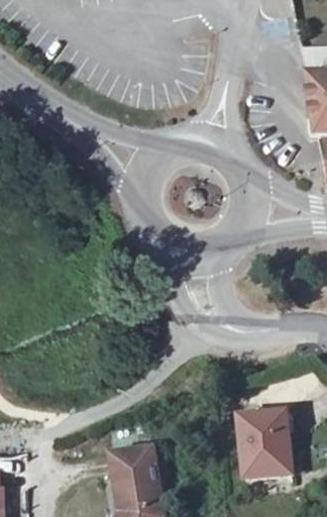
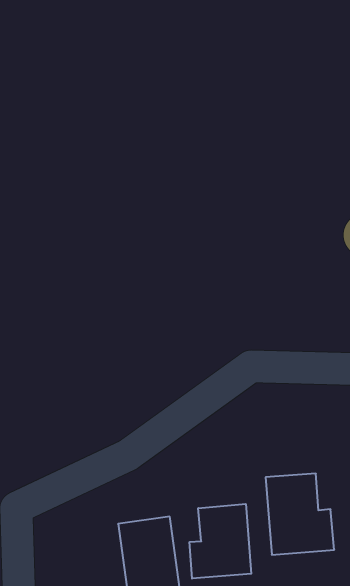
building: none -> [190,504,251,579]

